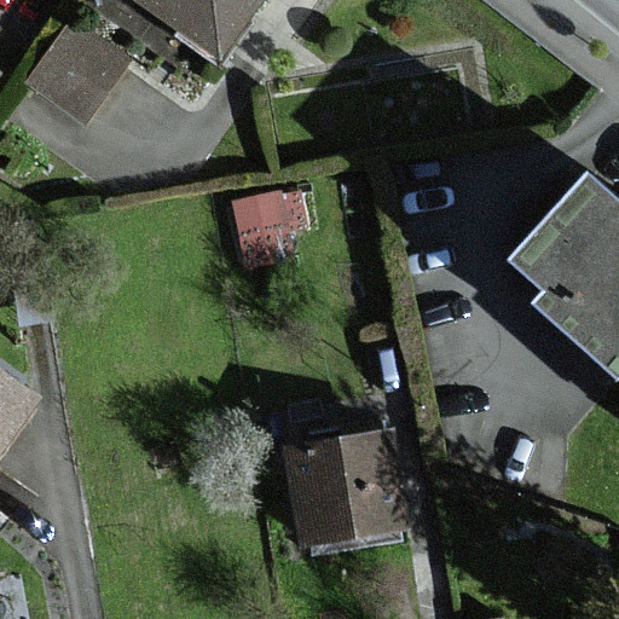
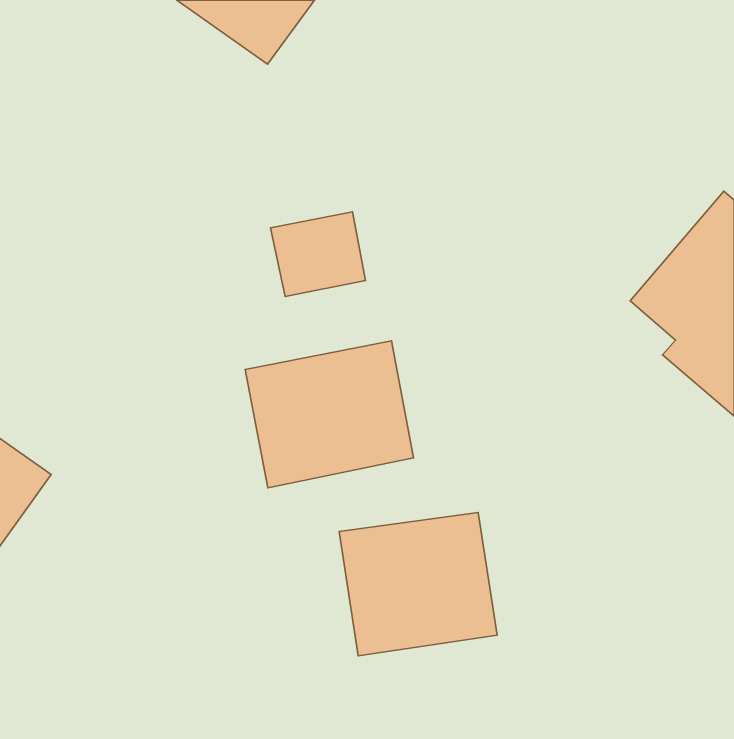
building: [19,21,125,127] -> none
building: none -> [245,341,414,488]

